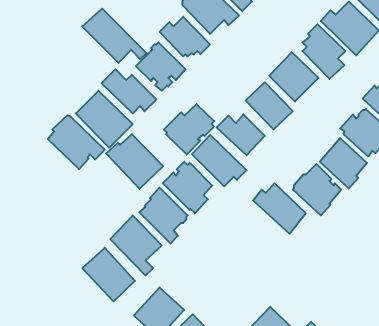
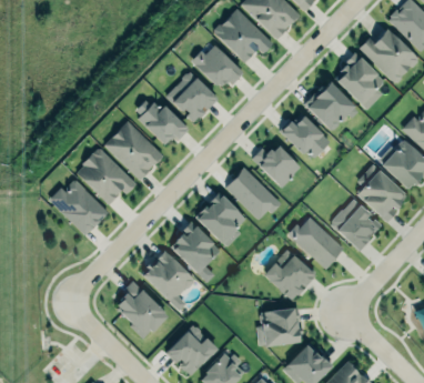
building: [82,9,147,63] -> none
building: [164,104,214,155] -> none
building: [106,134,163,189] -> [49,180,108,236]
building: none -> [264,254,316,300]
building: none -> [254,304,301,343]

